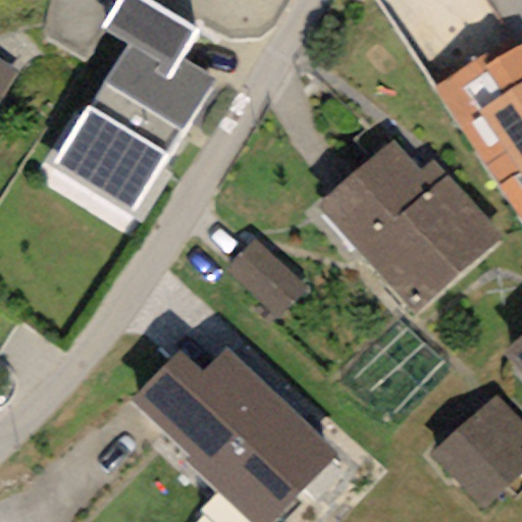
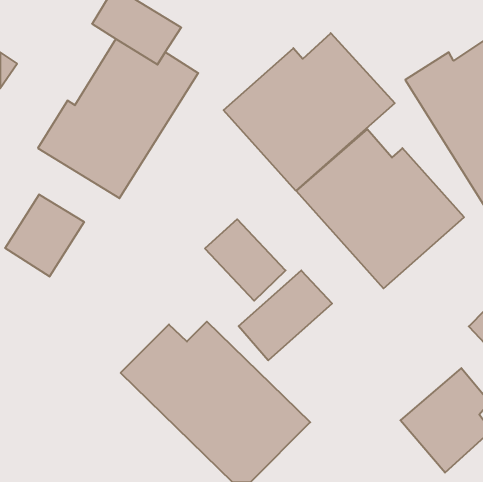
building: none -> [224,33,395,191]
building: none -> [5,194,84,277]
building: none -> [239,270,332,360]

